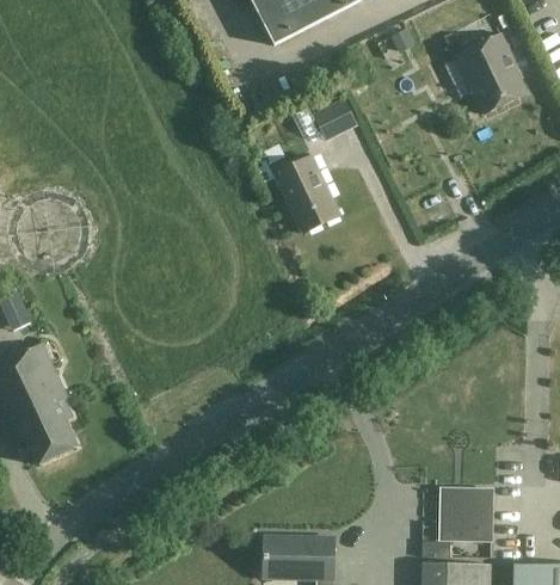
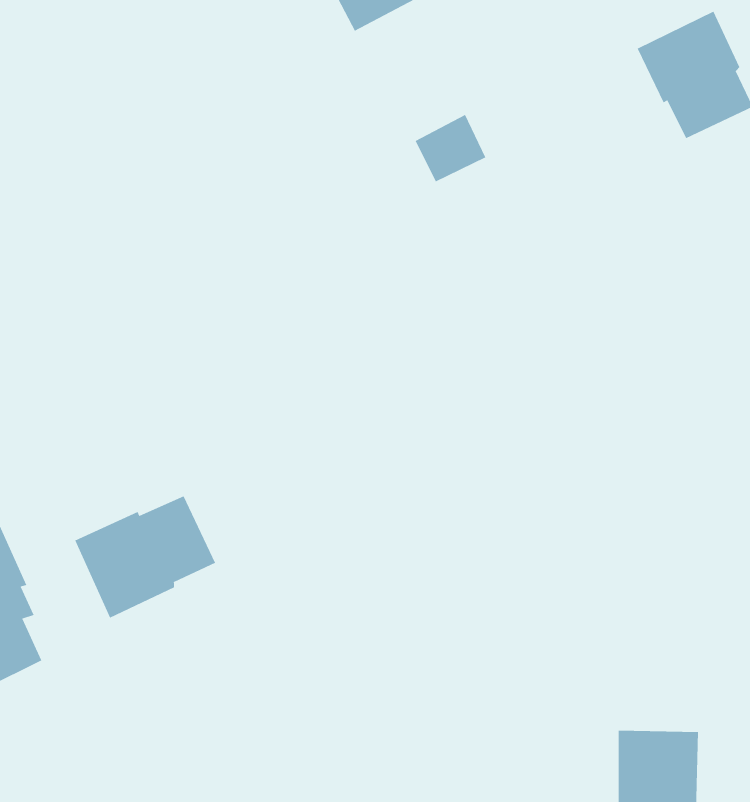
building: [273,155,339,233] -> none
building: none -> [74,495,216,618]

